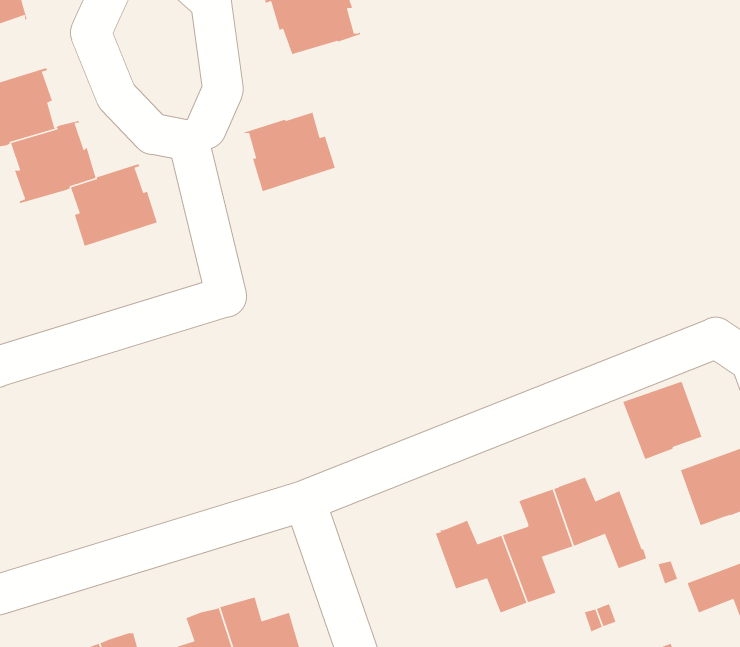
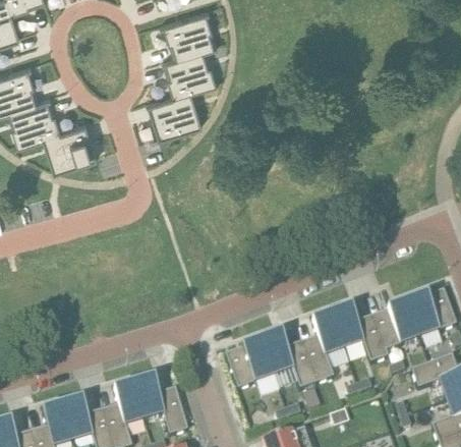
building: none -> [162,47,220,94]
building: [622,381,703,460] -> [371,301,419,348]
building: none -> [225,339,274,387]

